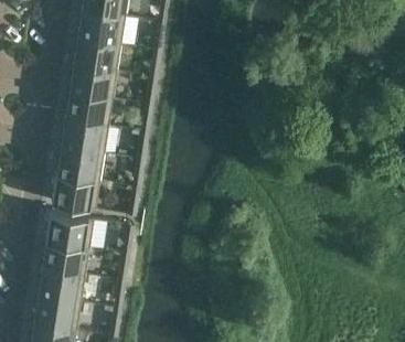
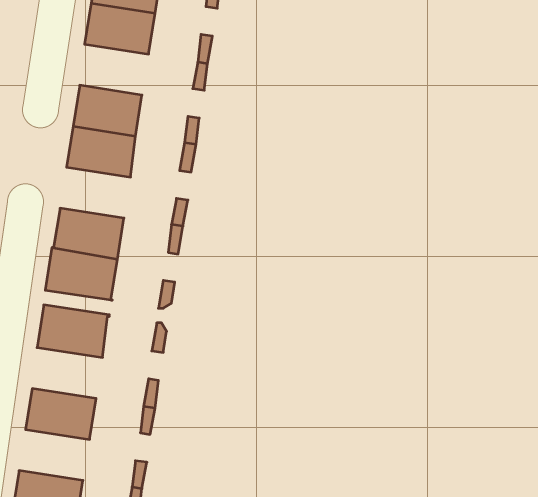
building: [74,36,120,71] -> none
building: [61,119,108,153] -> none
building: [42,241,89,275] -> none
building: [33,296,81,330] -> none

